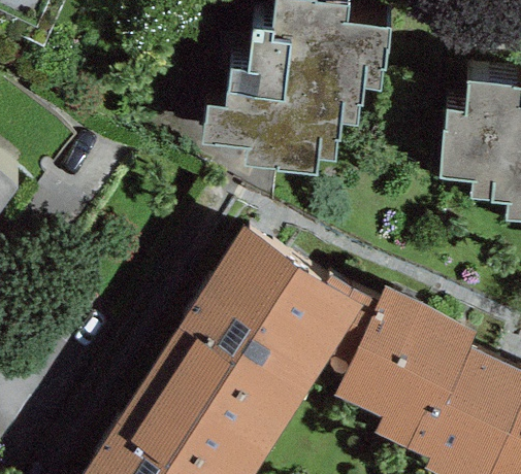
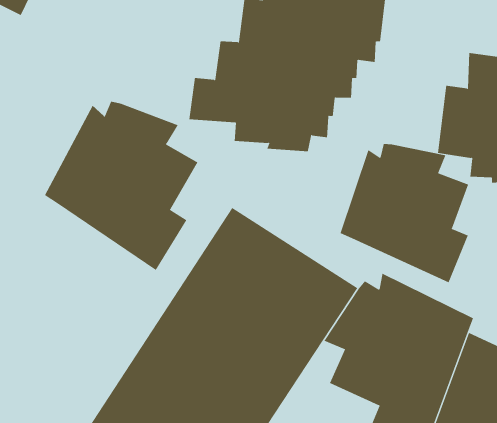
building: none -> [44,101,198,271]
building: none -> [340,143,469,283]

